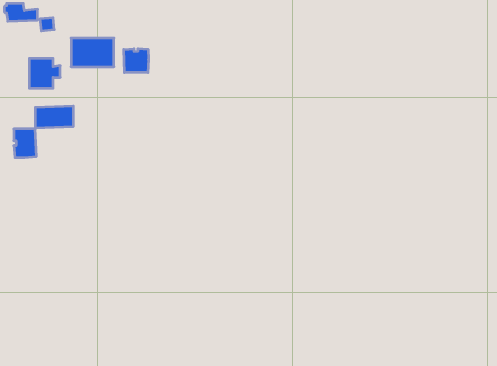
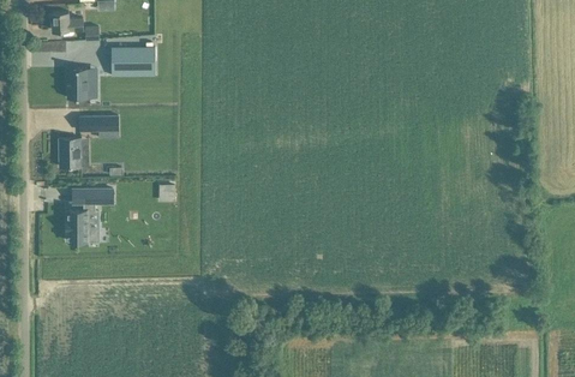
building: [124,49,148,73] -> none
building: none -> [66,186,112,239]

